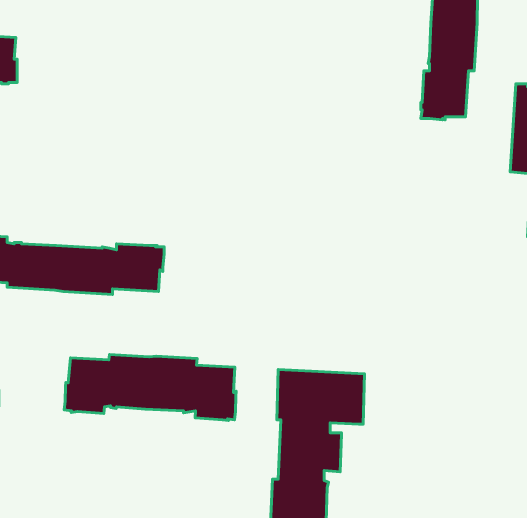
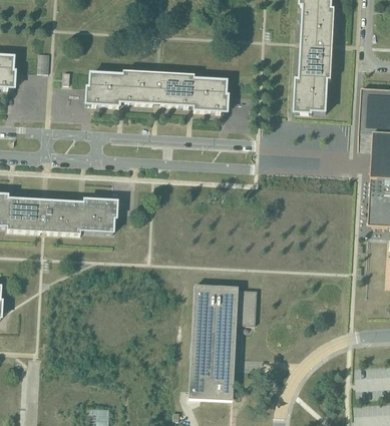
building: none -> [85,70,227,111]
building: [64,355,236,421] -> none

